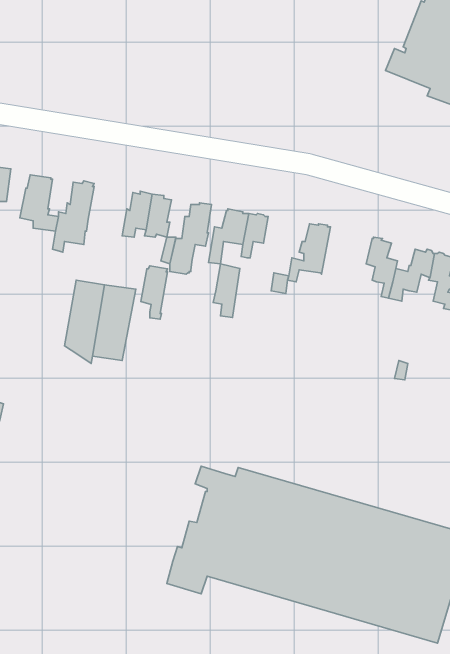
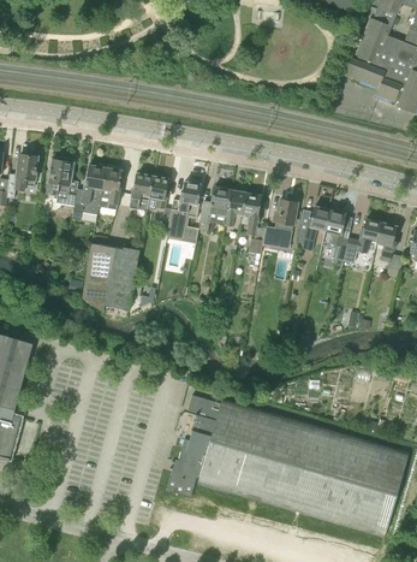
building: none -> [297,206,330,244]
building: [213,264,240,317] -> [240,193,262,236]
building: [141,266,168,319] -> [101,166,123,209]

